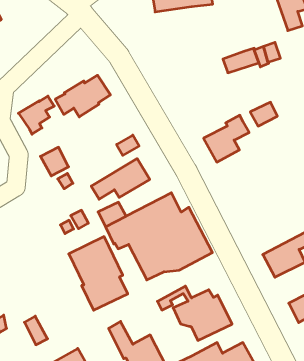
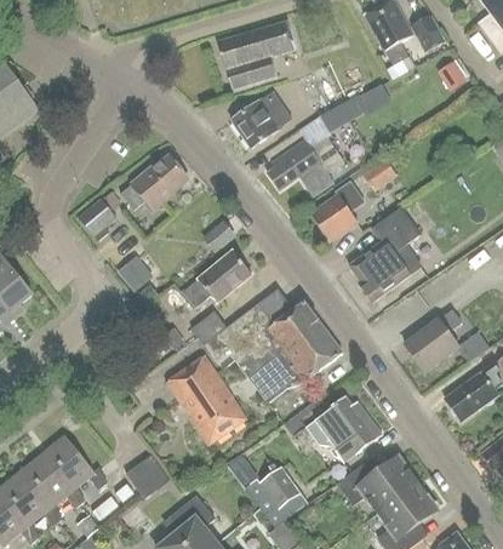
building: none -> [225,55,275,88]
building: none -> [230,91,290,147]
building: none -> [267,136,342,196]
building: none -> [350,205,421,299]

